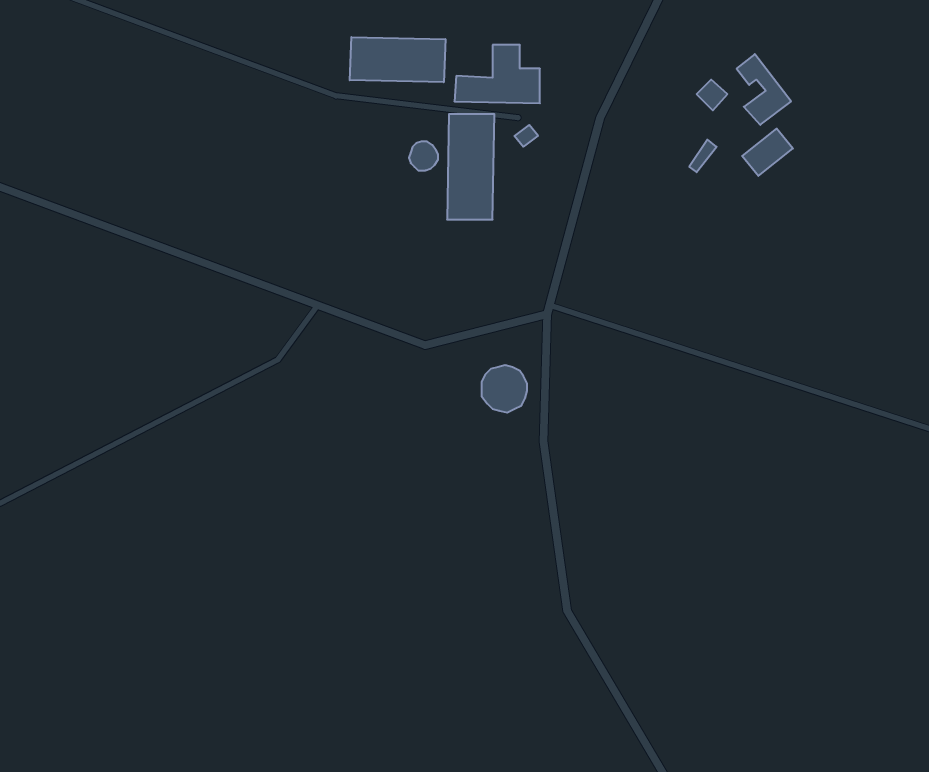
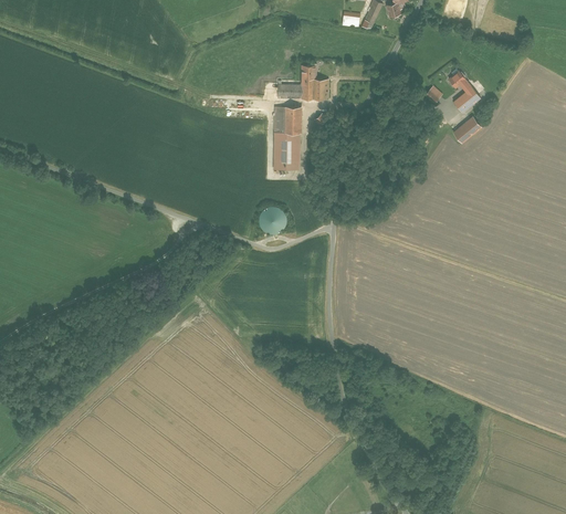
building: [350,37,445,82] -> none
building: [482,365,527,413] -> [259,207,286,235]

